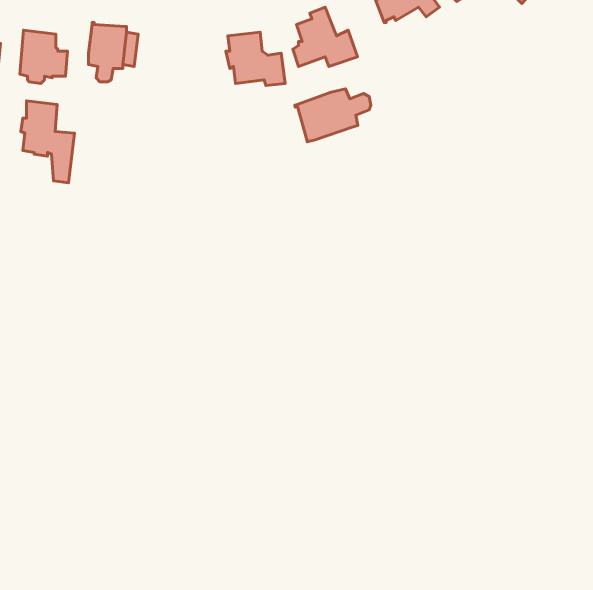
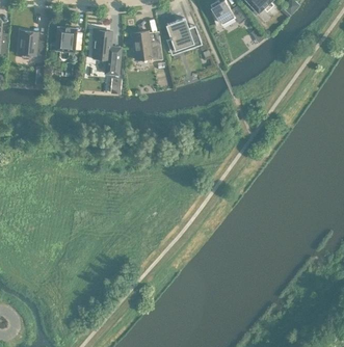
building: [295,89,371,142] -> none
building: [21,101,74,183] -> [90,29,120,74]

